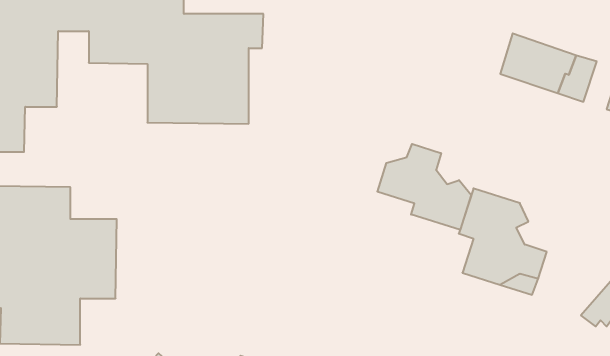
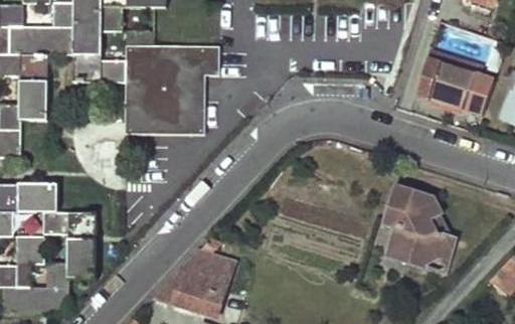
building: [377,144,471,230] -> none
building: none -> [154,239,232,318]

